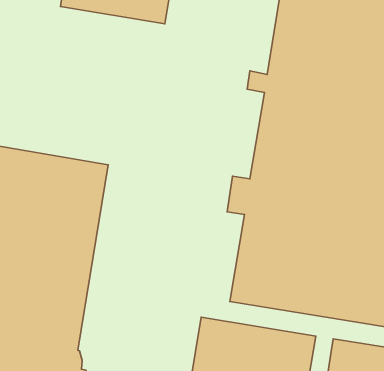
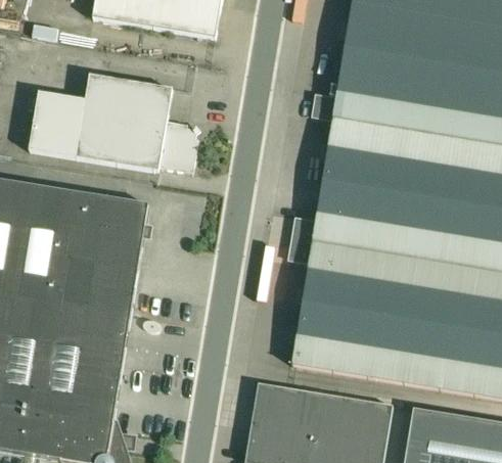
building: none -> [29,75,198,173]

